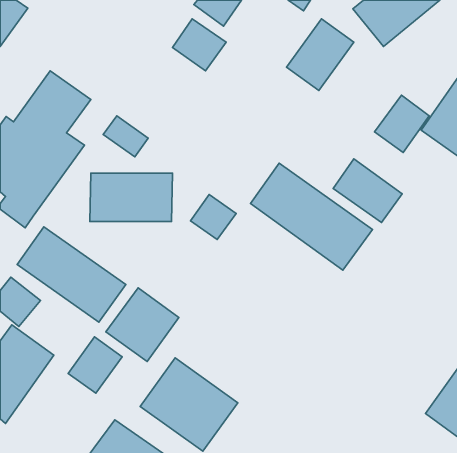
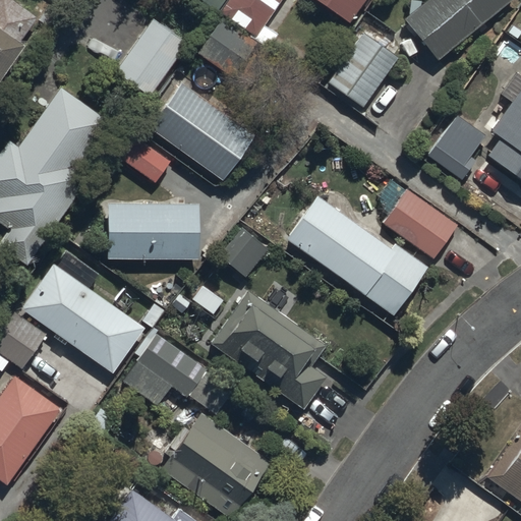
building: none -> [116,18,187,95]
building: none -> [144,79,254,179]
building: none -> [209,289,326,410]
building: [68,337,122,393] -> none

